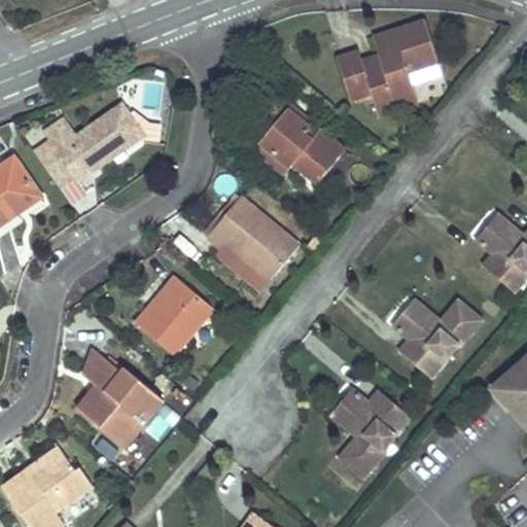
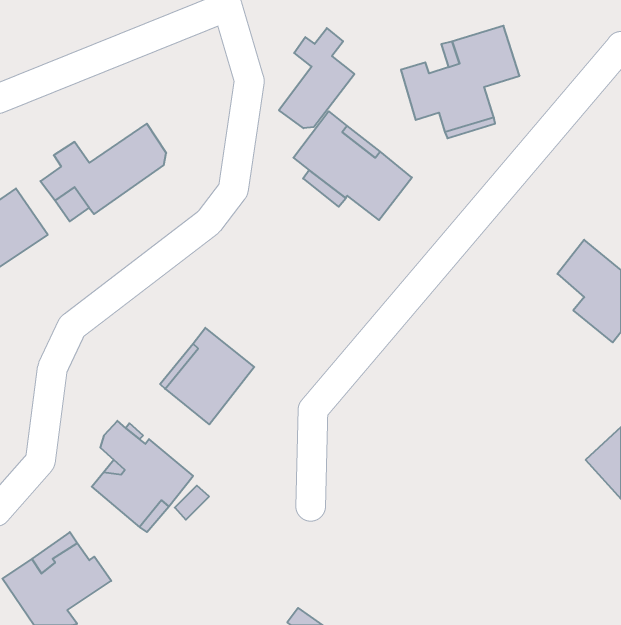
building: none -> [279,28,354,128]
building: [208,198,298,280] -> none
building: [386,288,484,375] -> none
building: [323,378,413,476] -> none

